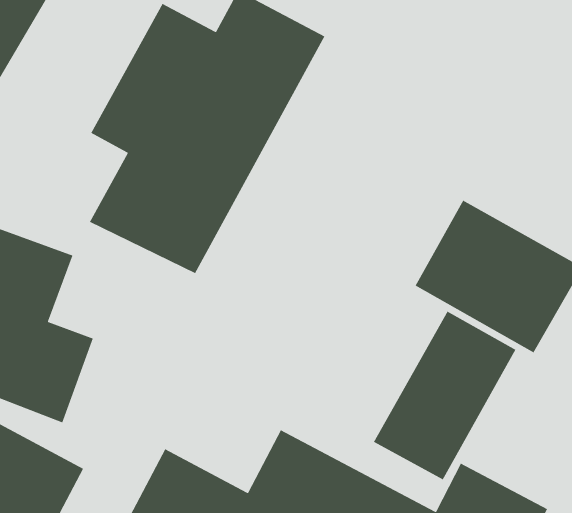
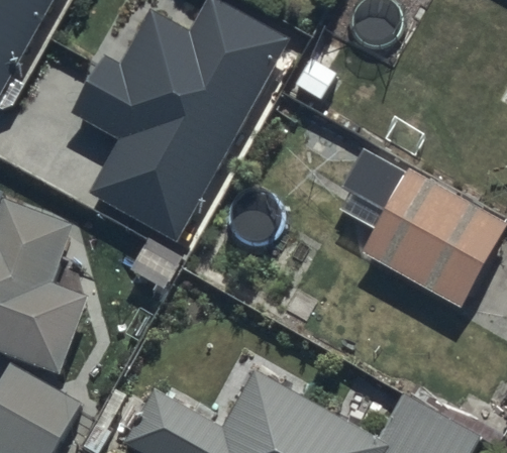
building: [373,310,516,481] -> none

